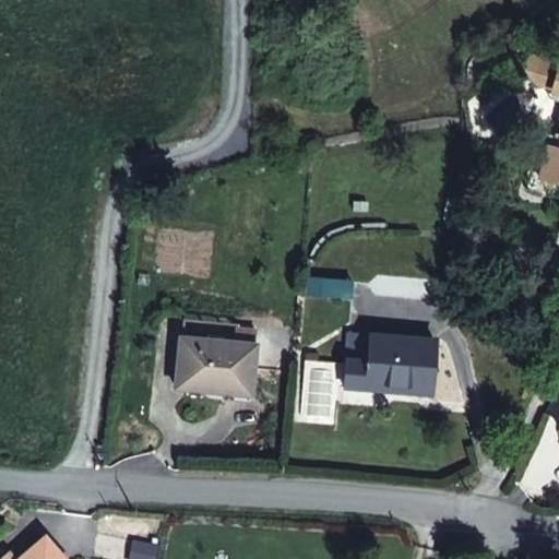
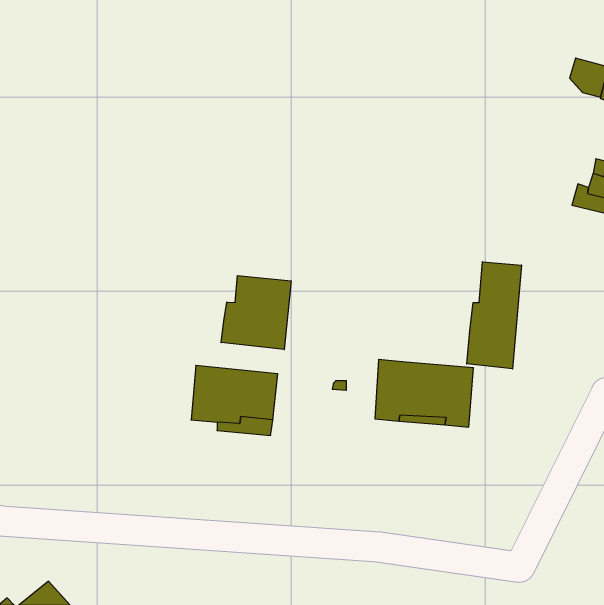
building: none -> [467,262,521,369]
building: none -> [221,276,291,350]

